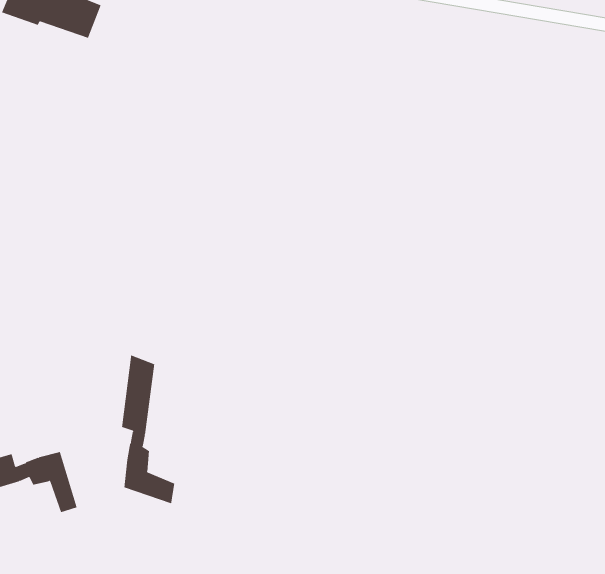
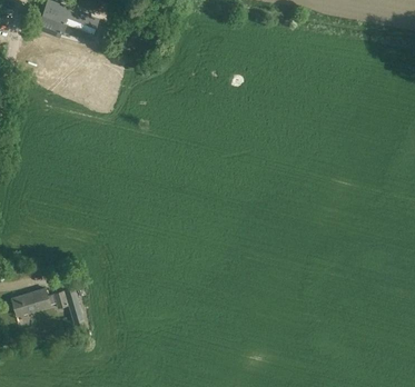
building: [122,355,175,504] -> none

